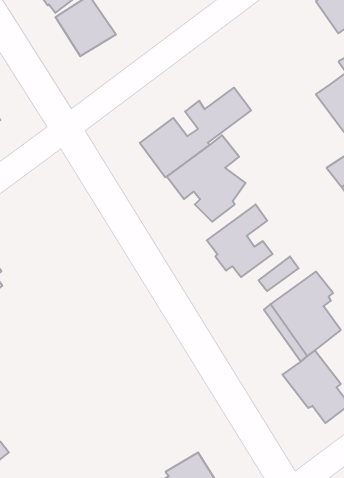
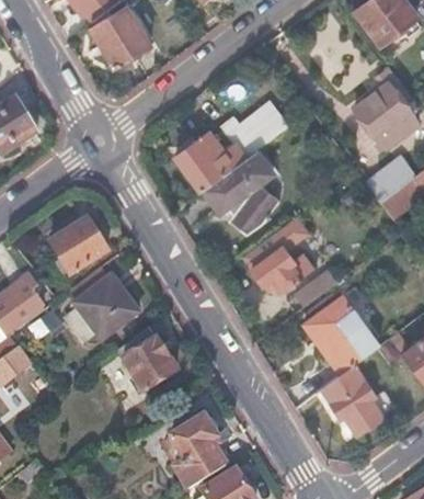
building: none -> [47,215,106,274]
building: none -> [72,274,138,340]
building: none -> [122,339,175,392]
building: none -> [170,416,225,488]

